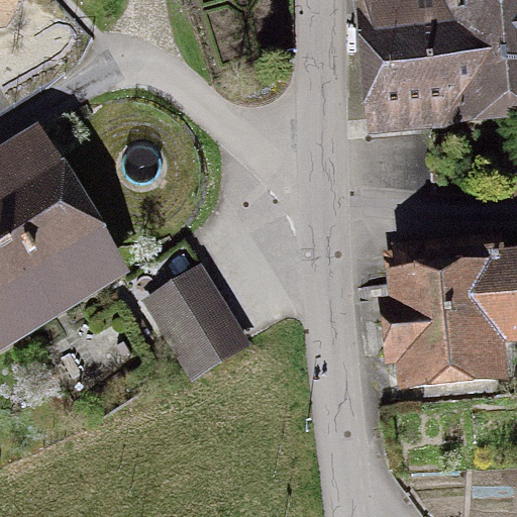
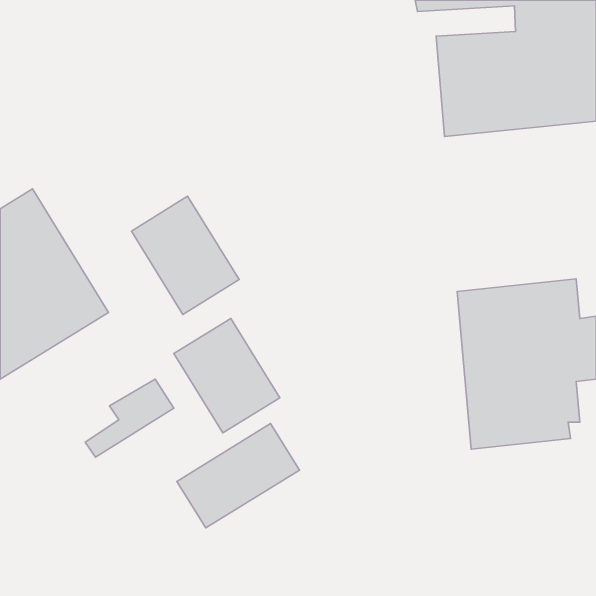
building: none -> [131,196,239,315]
building: none -> [177,423,300,528]

